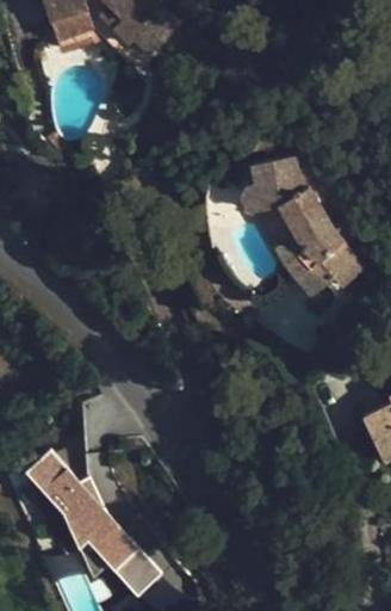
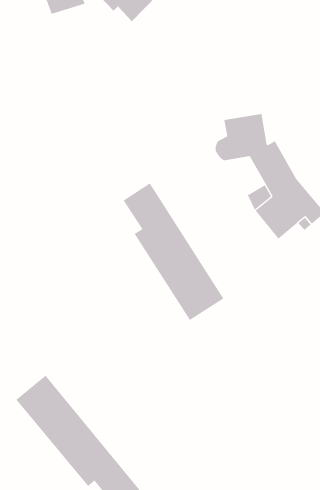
building: none -> [123,183,224,321]

